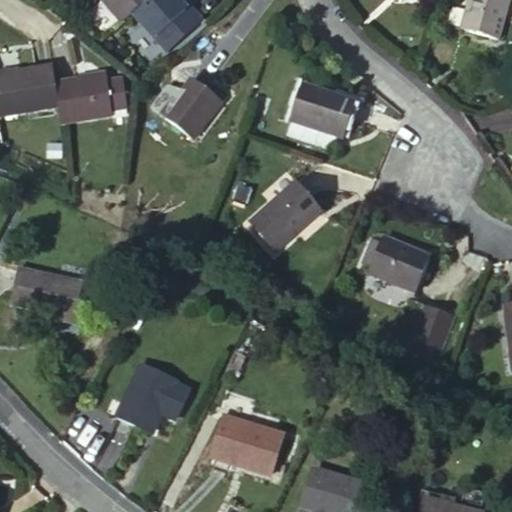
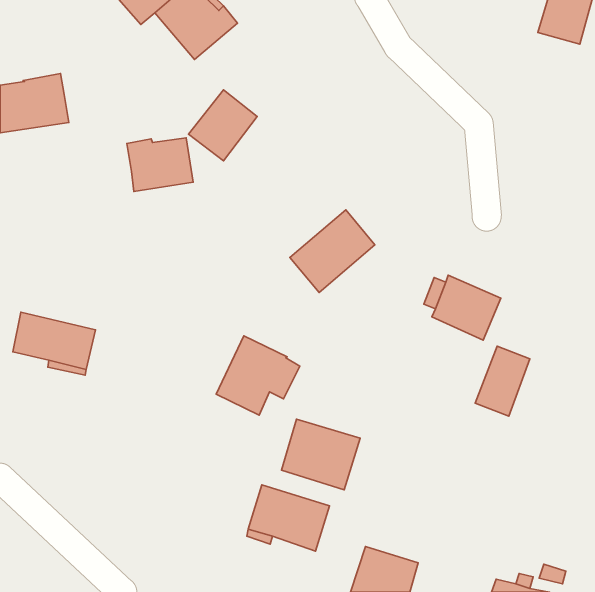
building: [55,76,112,122] -> [127,138,193,191]
building: [290,81,356,138] -> none
building: none -> [282,419,360,490]
building: [116,363,188,431] -> [216,336,300,415]

